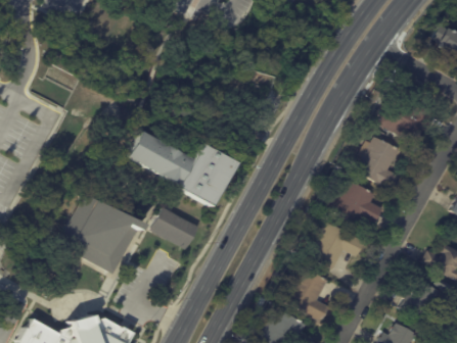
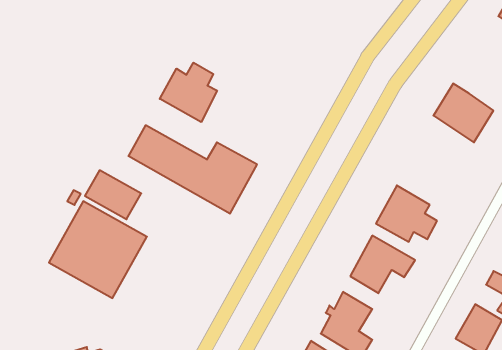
building: none -> [160,63,217,122]
building: [360,138,402,191] -> none
building: [152,206,199,247] -> [85,170,141,219]

